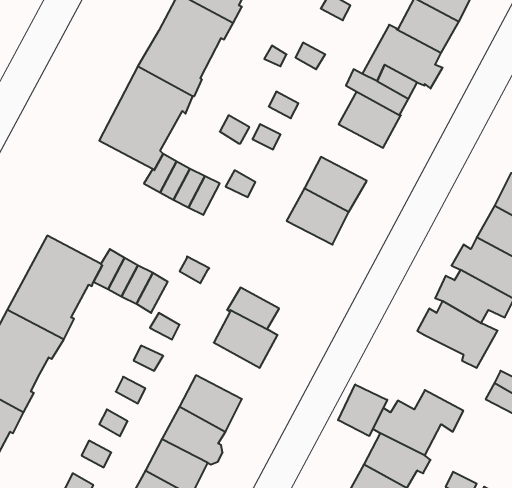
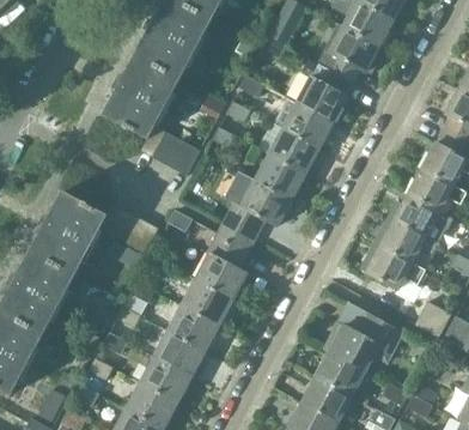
building: none -> [281,102,331,147]
building: none -> [224,180,291,236]
building: none -> [181,278,232,323]
building: [338,384,387,436] -> none

